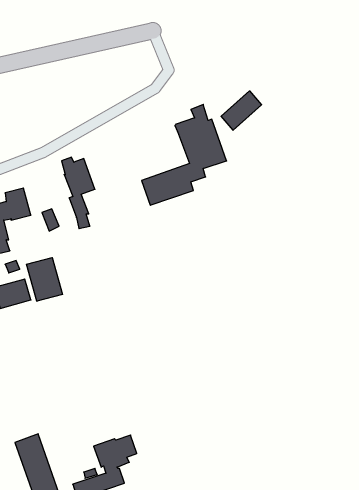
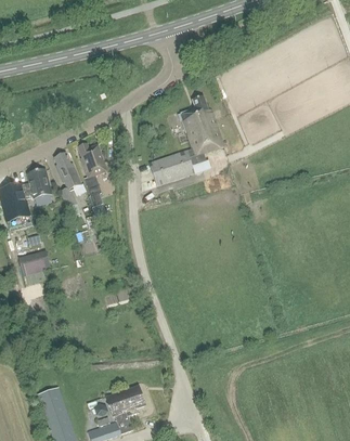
building: [221,91,262,130] -> none
building: none -> [55,153,82,187]
building: [27,258,63,301] -> none

